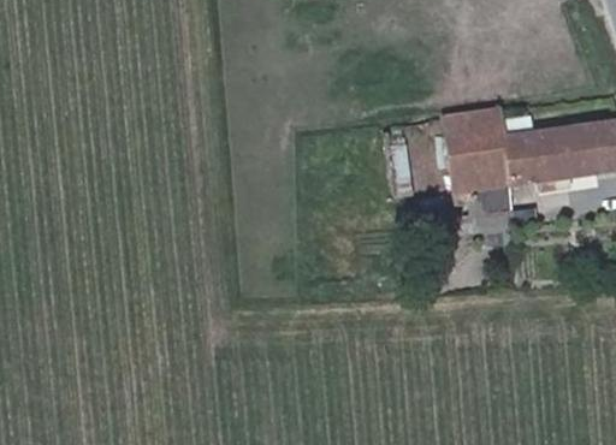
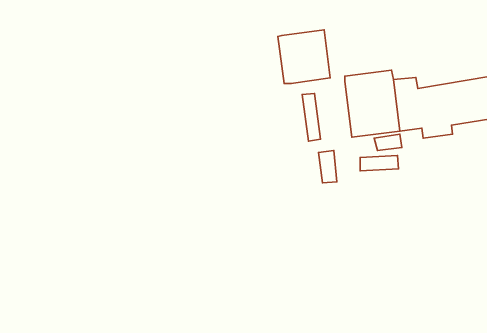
building: none -> [278,30,330,84]

